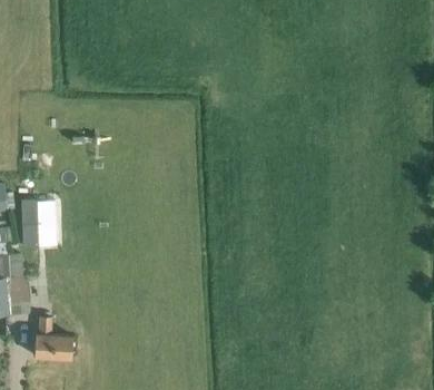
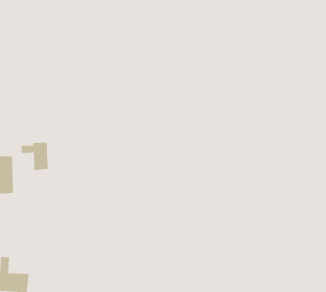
building: none -> [20,142,49,171]

